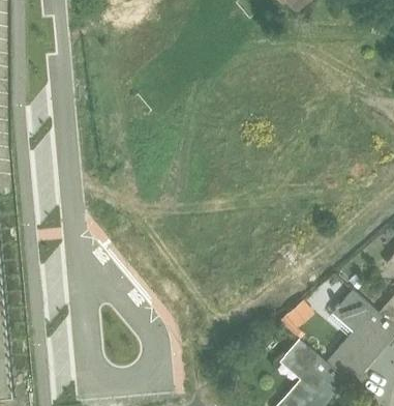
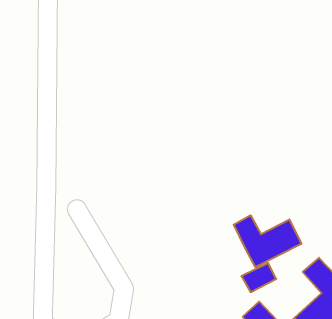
building: none -> [234,215,301,267]

